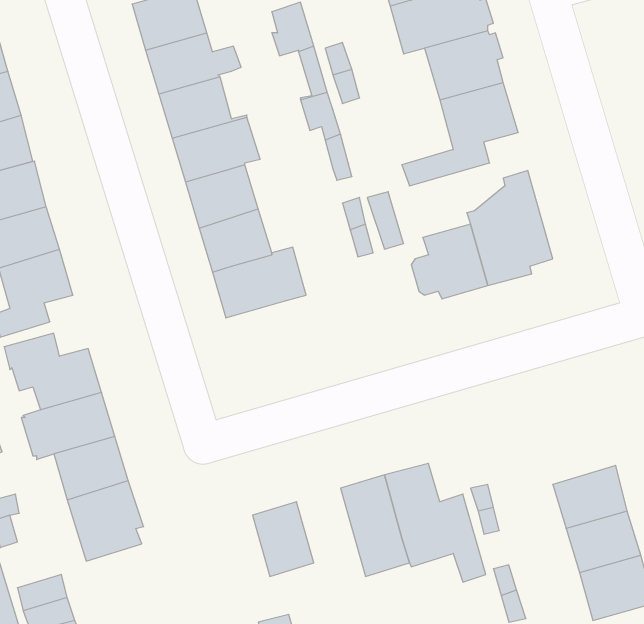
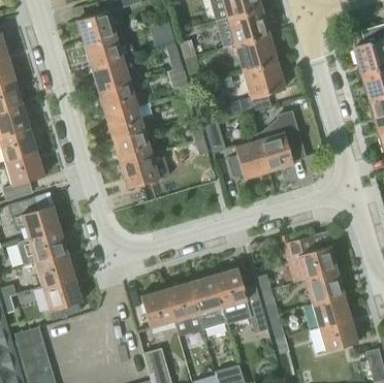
building: none -> [283,233,338,282]
building: none -> [165,281,202,336]

